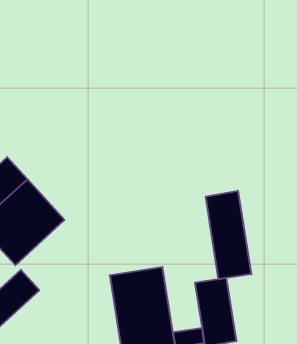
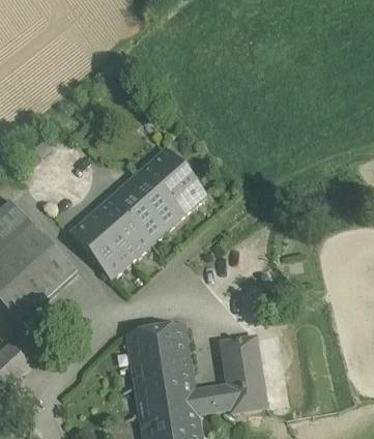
building: none -> [70,147,208,277]
building: [206,191,251,279] -> none

